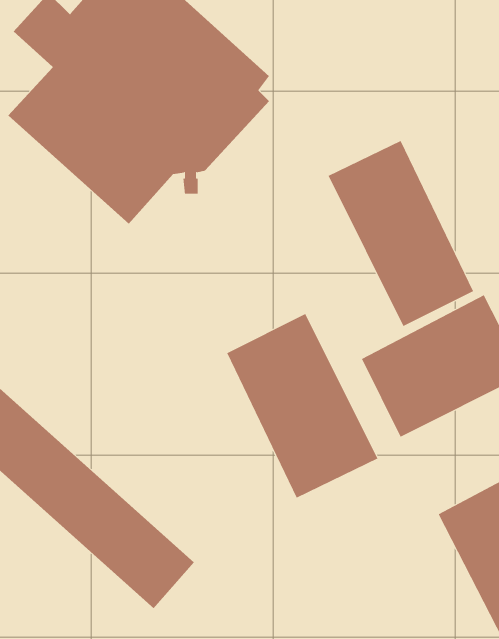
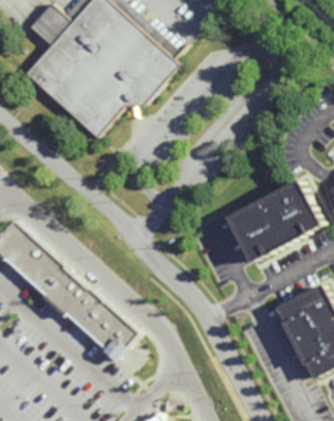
building: [328,140,474,327] -> none
building: [226,313,378,499] -> none

